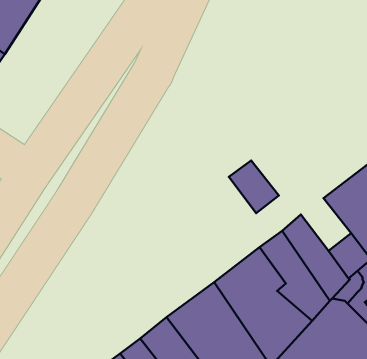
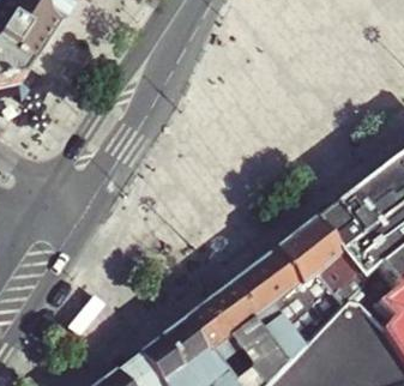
building: [229,161,279,213] -> [309,207,357,258]

